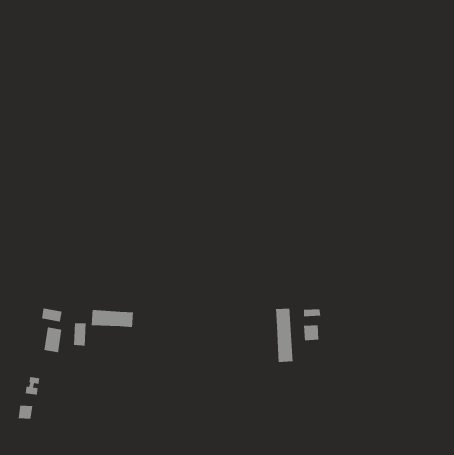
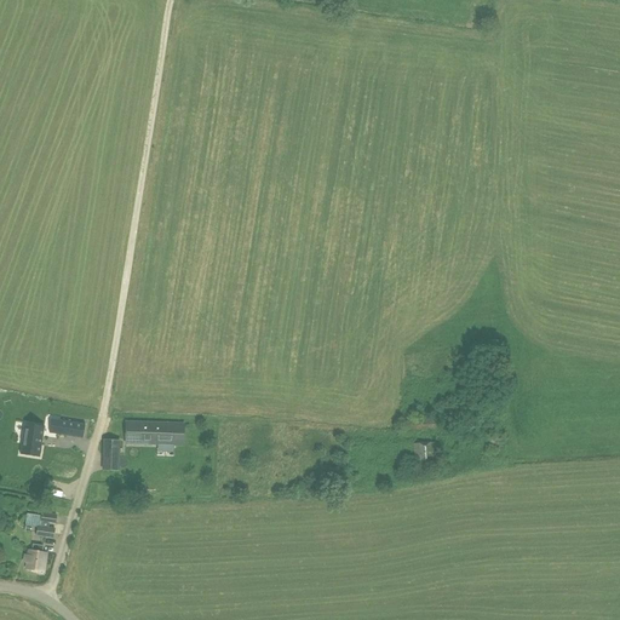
building: [275,308,293,363] -> none
building: [44,327,62,353] -> [17,421,42,457]

